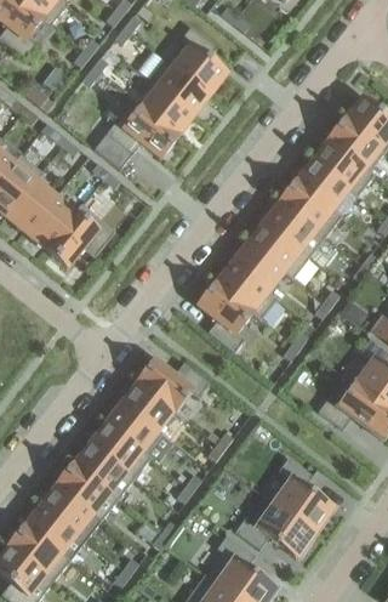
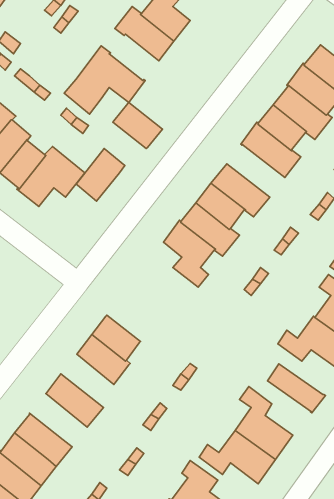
building: [139,86,192,135] -> [113,102,162,149]
building: [263,201,324,257] -> none
building: none -> [76,149,125,201]
building: [135,359,207,411] -> none
building: [89,422,150,478] -> none
building: none -> [268,364,326,413]
building: [55,461,116,519] -> none

